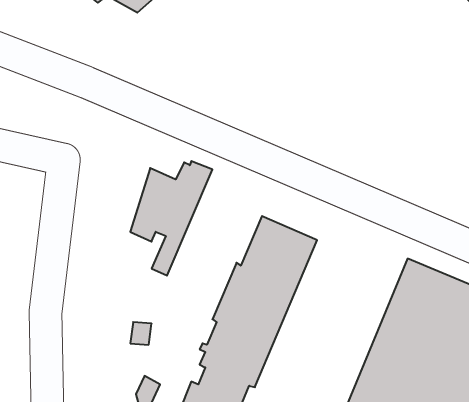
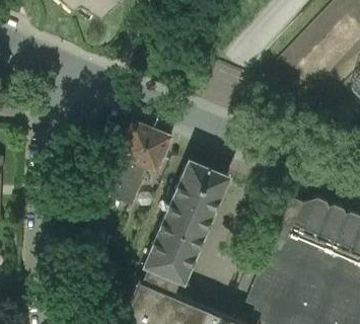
building: none -> [121,128,171,209]

